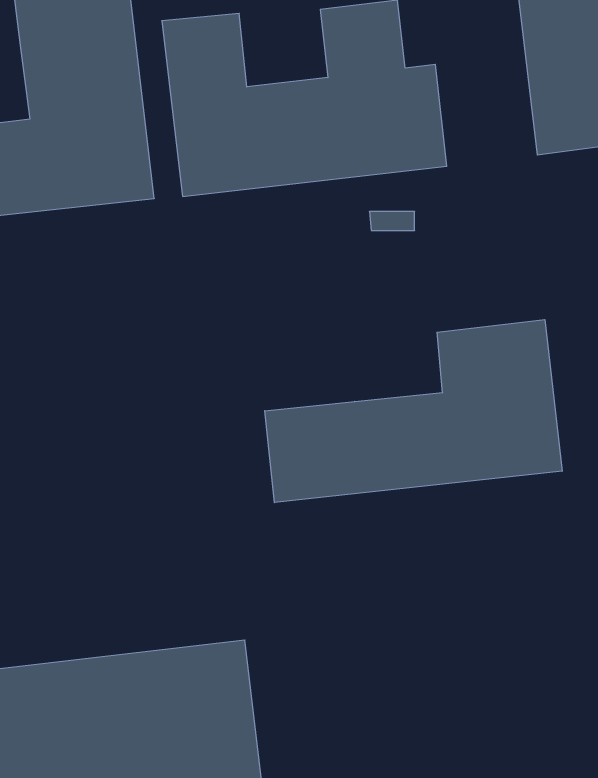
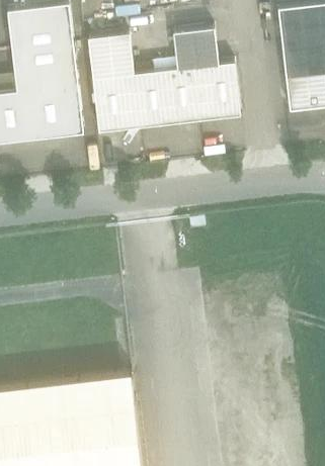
building: [265,320,562,503] -> none

